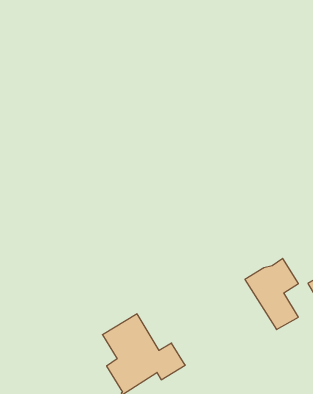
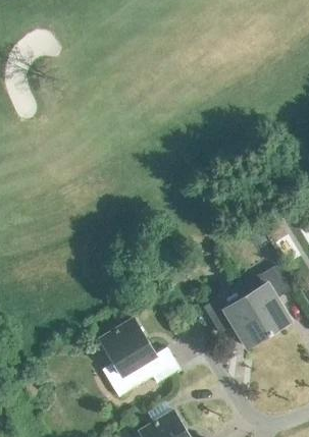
building: none -> [205,286,270,348]

